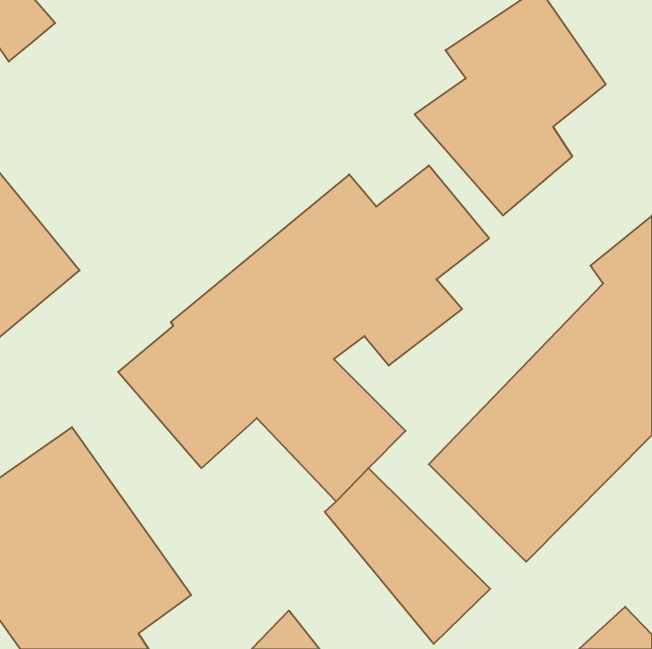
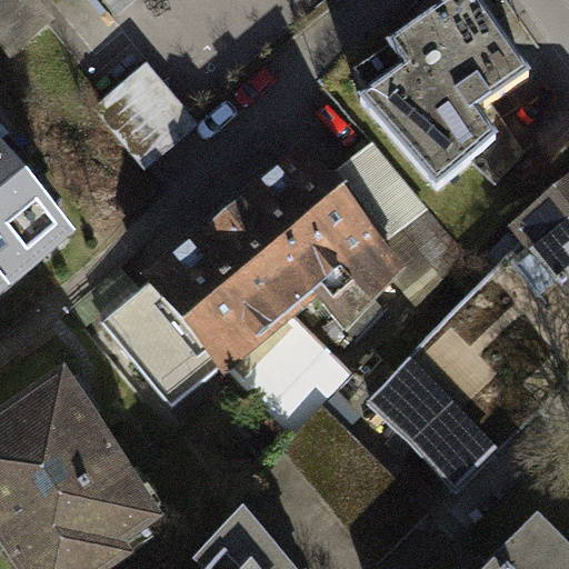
building: none -> [99,69,188,159]

